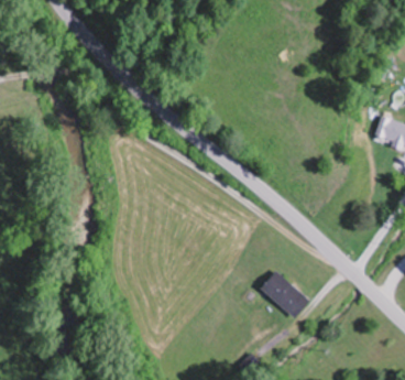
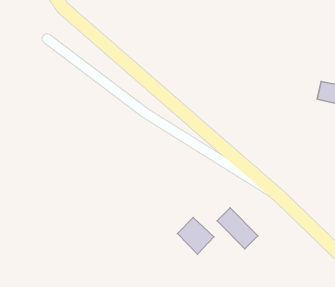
building: none -> [177,218,214,254]

